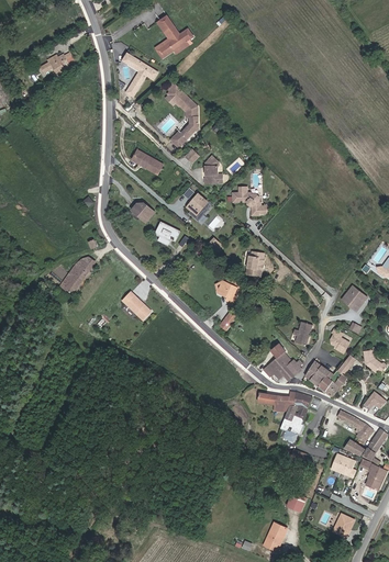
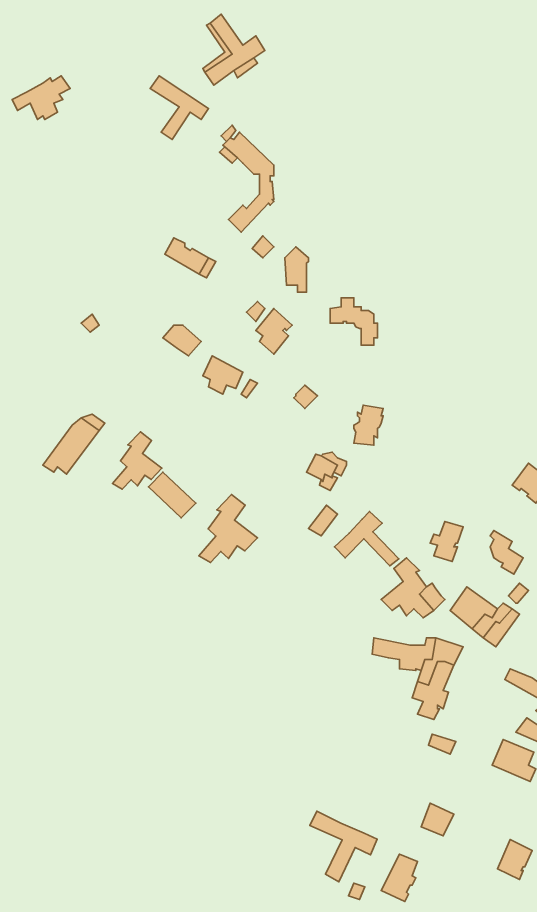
building: none -> [113,432,162,489]
building: none -> [199,494,257,563]
building: none -> [335,512,399,566]
building: none -> [310,811,377,882]

